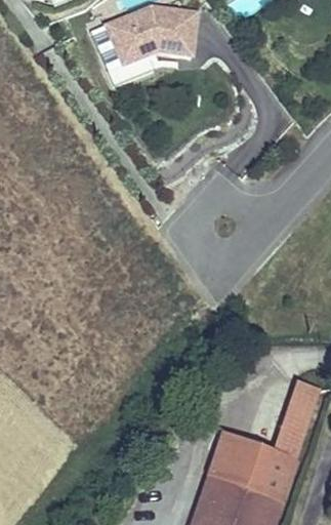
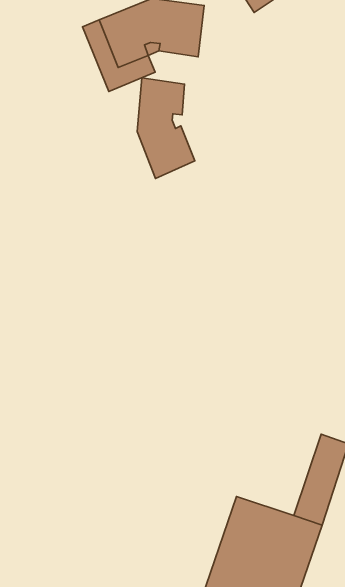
building: none -> [137,78,195,179]

